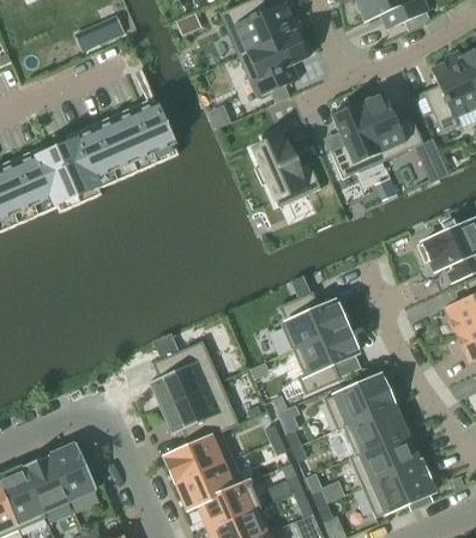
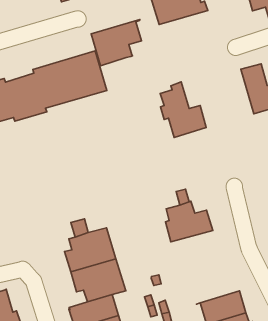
building: [239,28,308,97] -> [91,20,141,66]
building: [330,102,382,177] -> none
building: [291,326,357,393] -> none
building: [324,374,393,429] -> none

